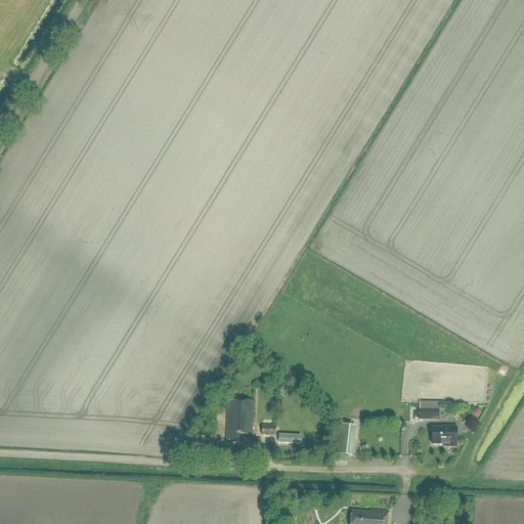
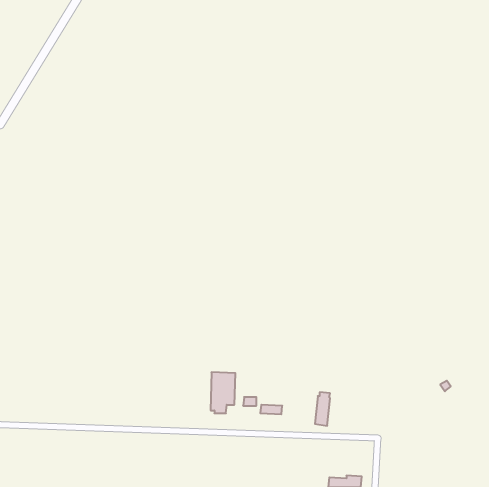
building: [420,400,447,420] -> none
building: [431,427,457,443] -> none

